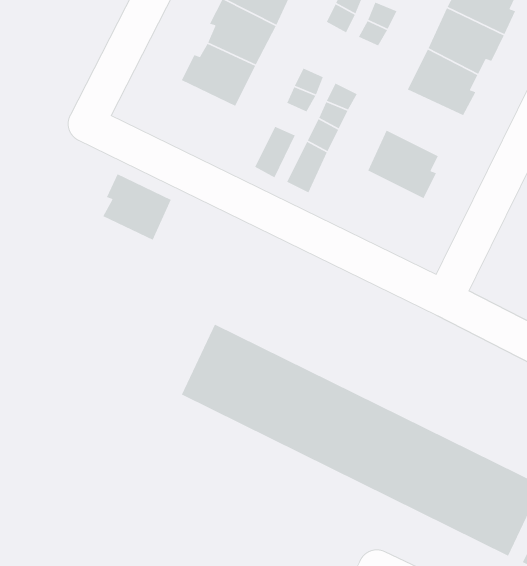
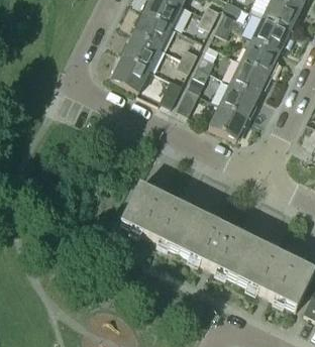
building: none -> [231,59,273,94]
building: none -> [210,102,251,138]
building: [102,173,172,241] -> [113,53,150,90]

